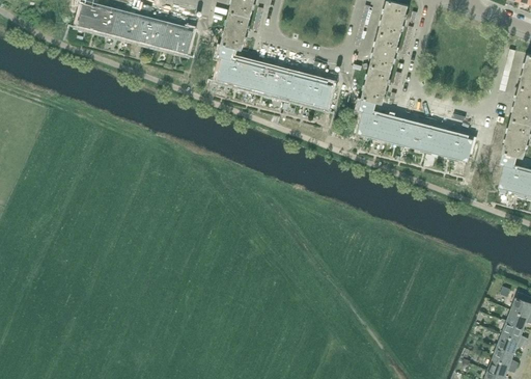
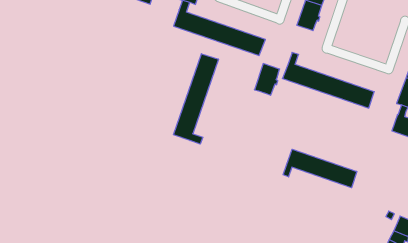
building: [362,64,391,103] -> [254,64,280,95]
building: none -> [173,54,218,144]
building: none -> [283,149,357,188]

